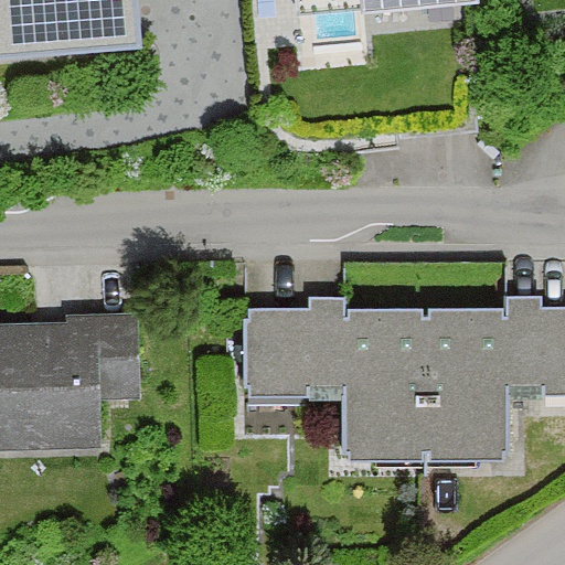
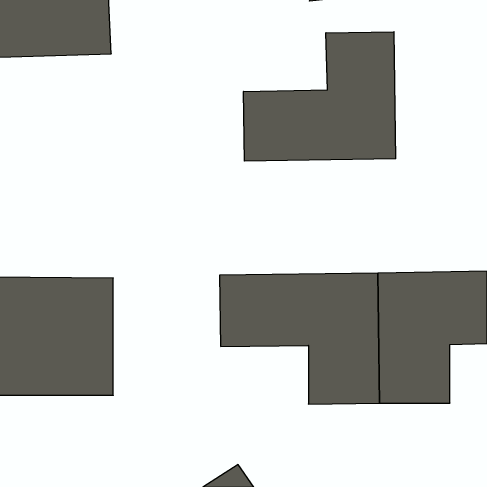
building: none -> [244,32,396,161]

